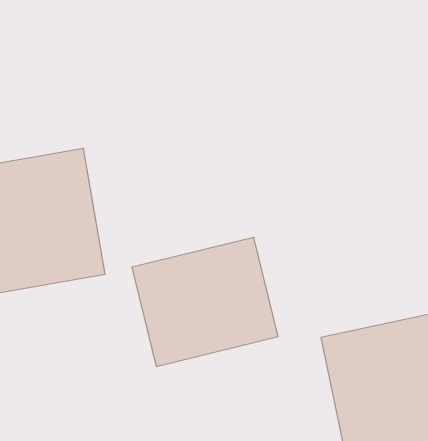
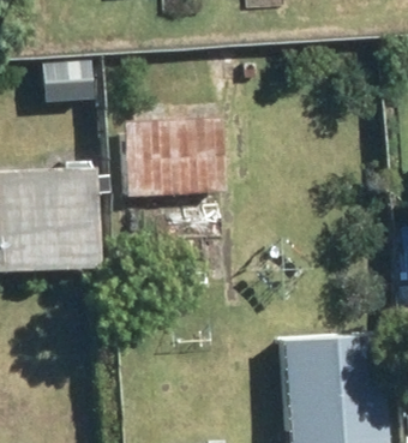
building: [132,237,278,366] -> [118,108,230,204]

